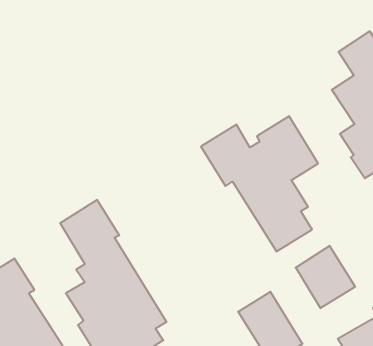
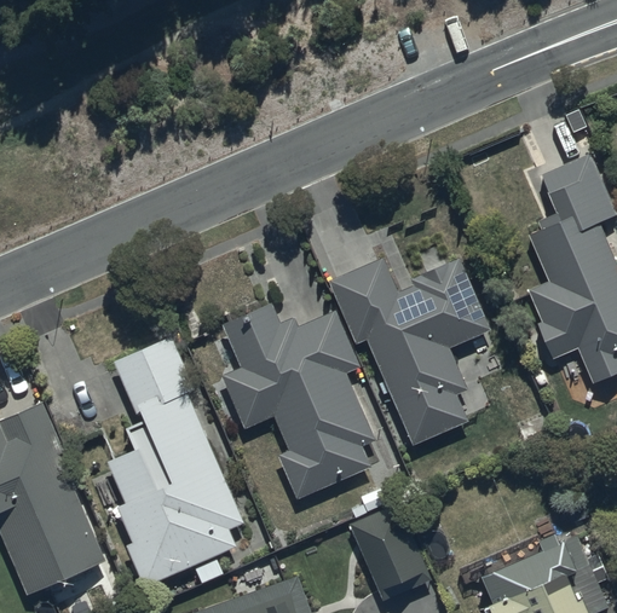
building: none -> [220,302,375,499]
building: [296,246,355,308] -> none

